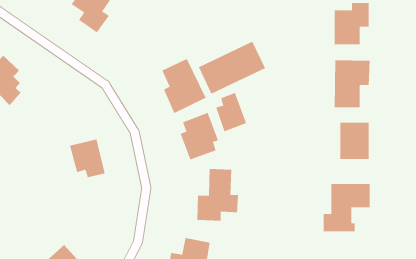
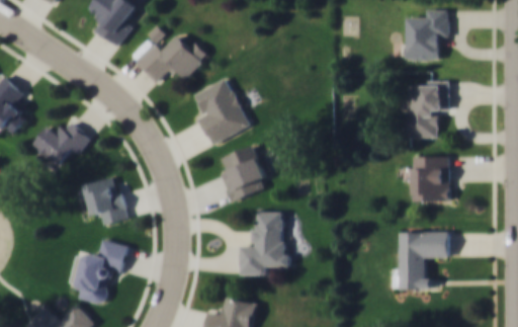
building: none -> [132,34,209,82]
building: [198,41,266,95] -> none
building: none -> [30,117,91,166]
building: [216,92,247,132] -> none
building: none -> [69,238,127,305]

